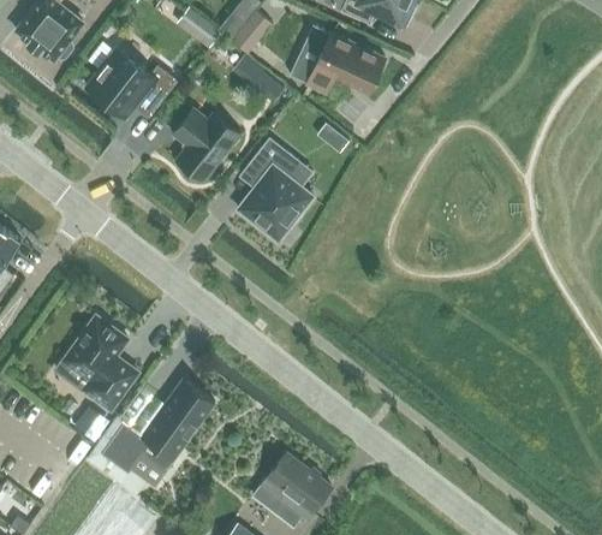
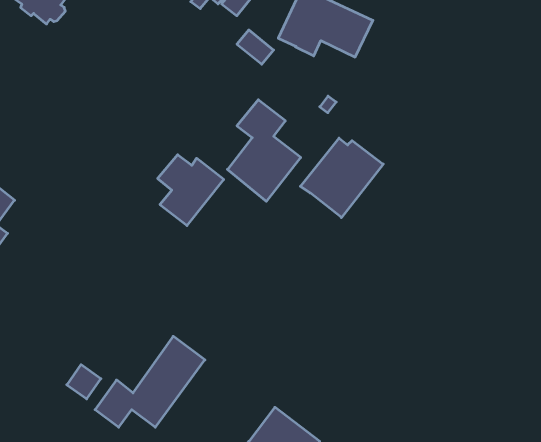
building: [88,48,177,117] -> none
building: [173,109,240,182] -> [158,155,224,226]
building: none -> [300,138,383,218]
building: [58,316,138,410] -> none

